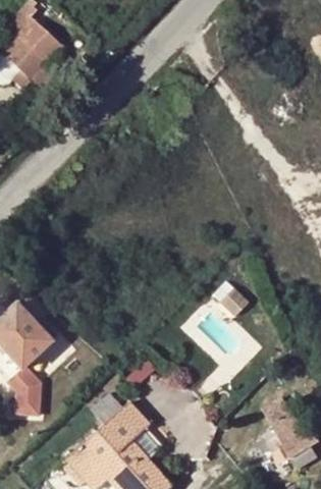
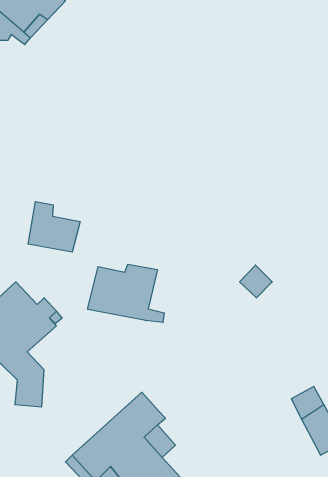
building: none -> [28,202,80,252]
building: none -> [88,264,164,323]

